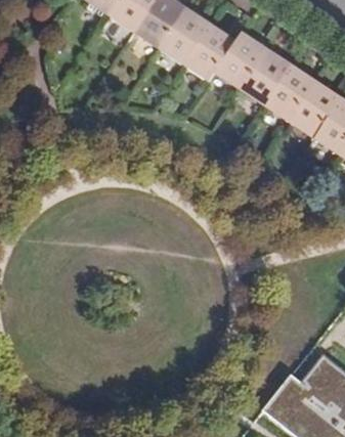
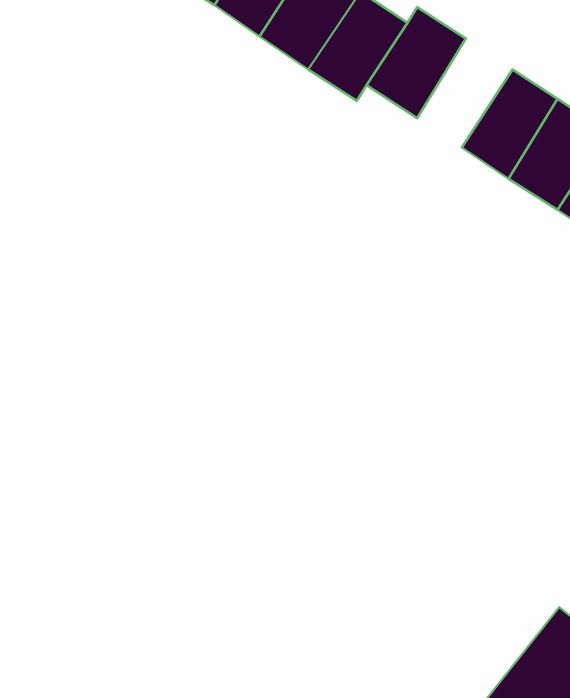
building: [241,47,291,104] -> none

